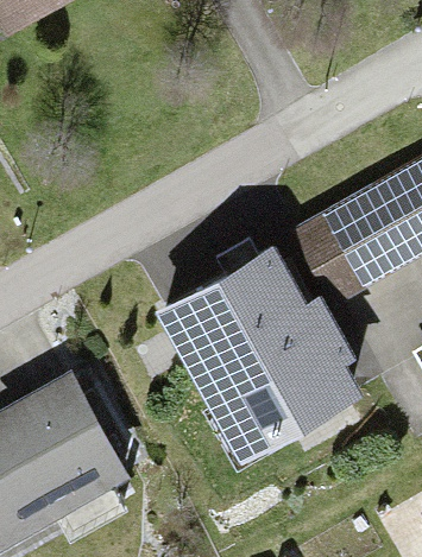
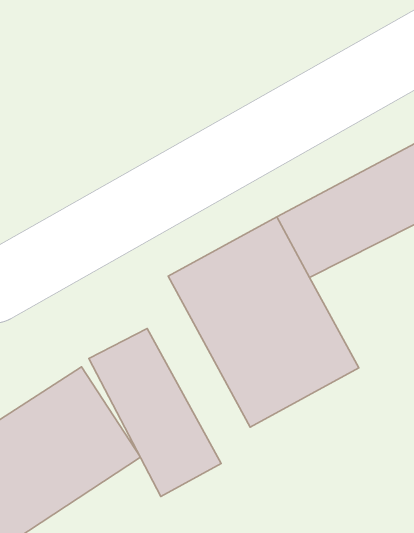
building: none -> [89,329,221,496]

